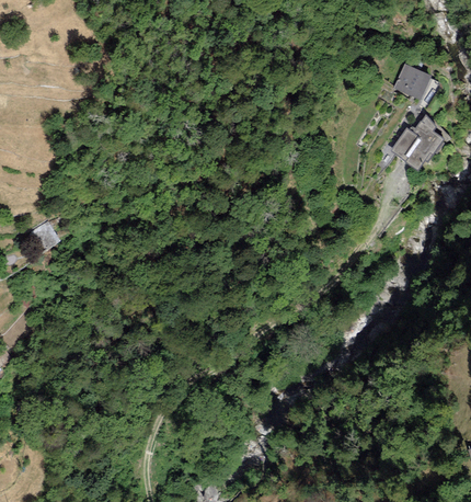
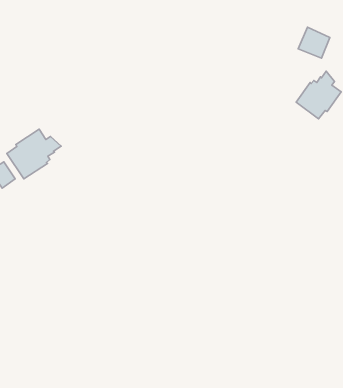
building: none -> [7,129,61,179]

